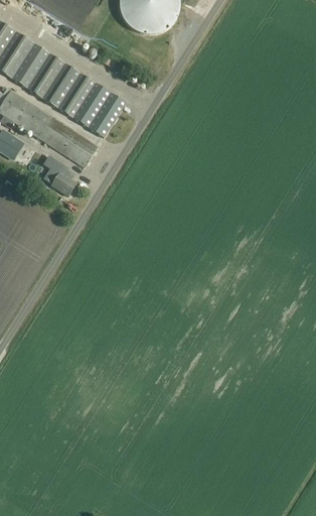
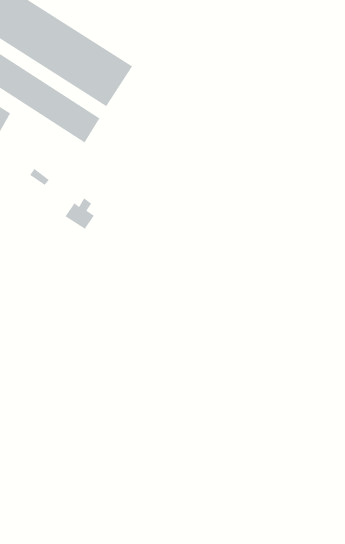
building: [50,167,75,195] -> [64,197,95,230]

